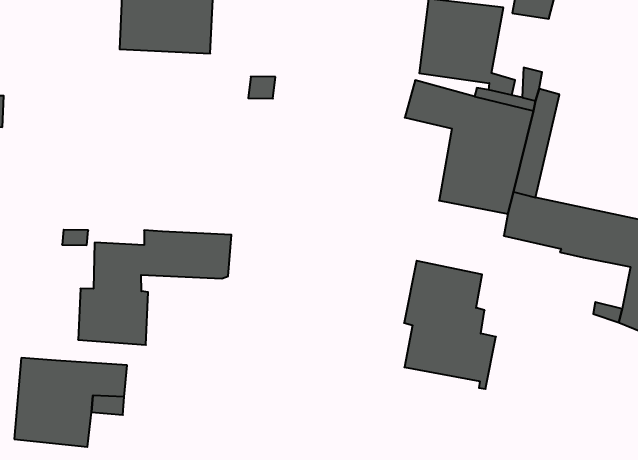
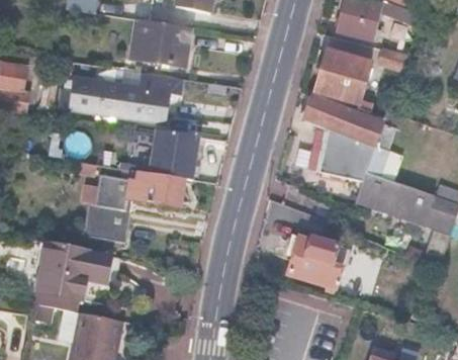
building: none -> [61,72,183,125]
building: none -> [145,129,201,180]

